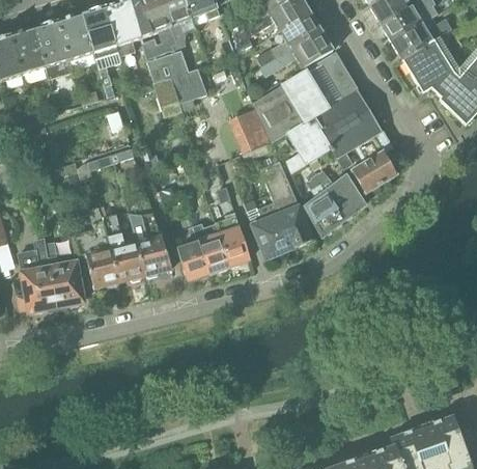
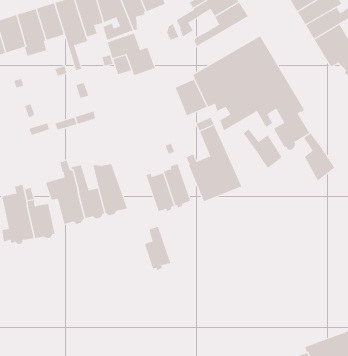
building: [259,29,334,77] -> none
building: [306,174,345,234] -> [303,132,335,181]
building: [177,225,211,280] -> [144,226,171,271]

